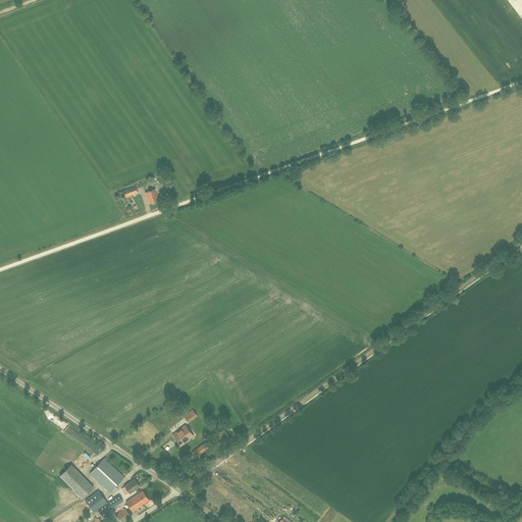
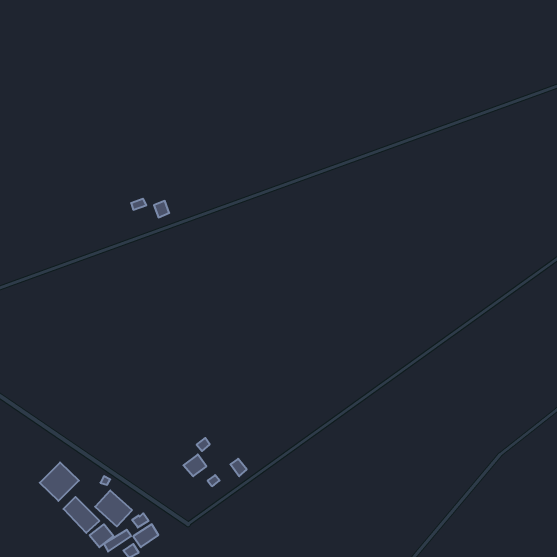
building: none -> [40,462,79,501]

